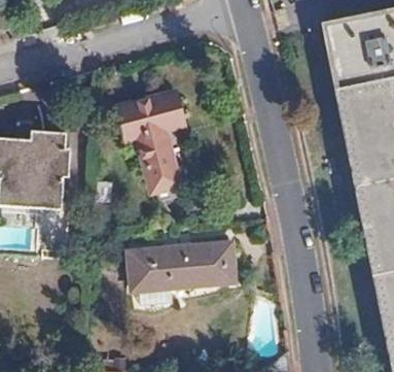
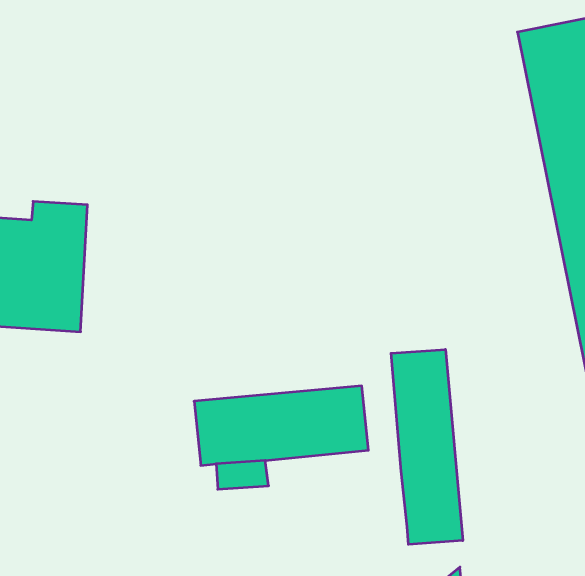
building: [114,91,181,192] -> none
building: none -> [391,349,463,544]

